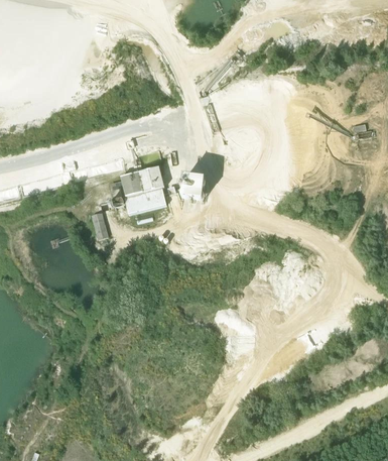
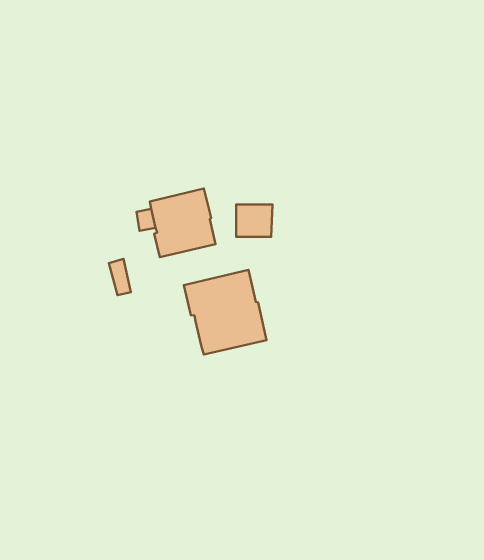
building: none -> [184,270,267,355]

